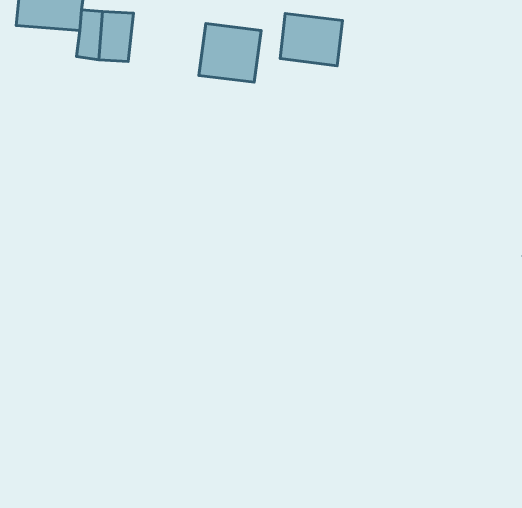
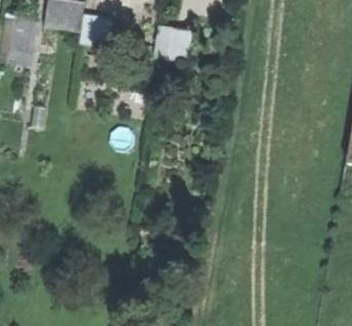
building: [280,13,342,66] -> none

